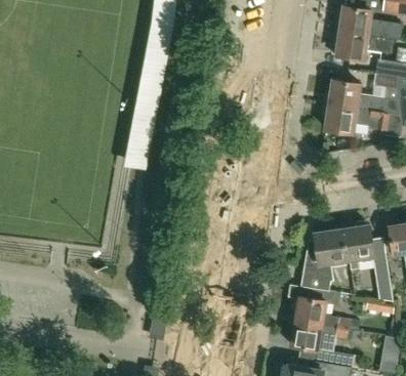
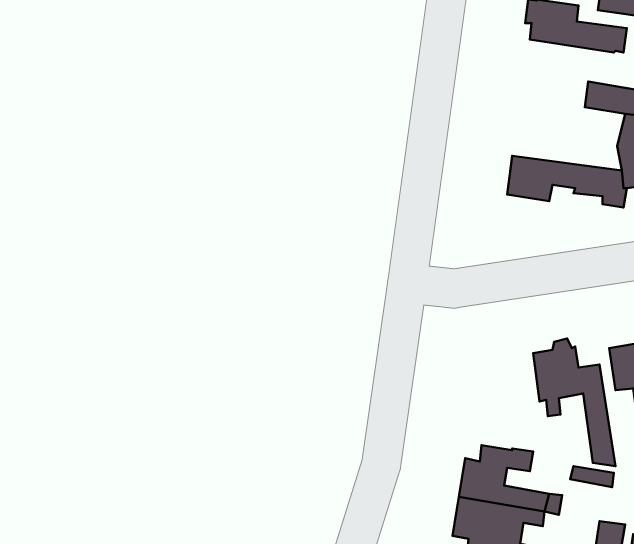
building: [331,31,393,58] -> none
building: [328,74,400,114] -> none
building: [299,229,346,291] -> none

